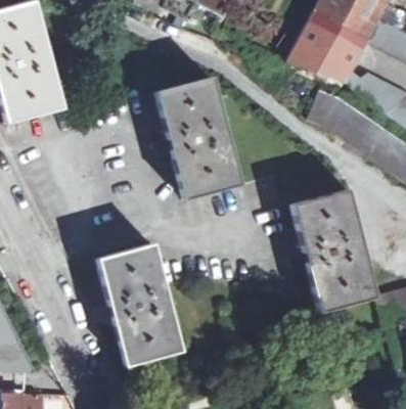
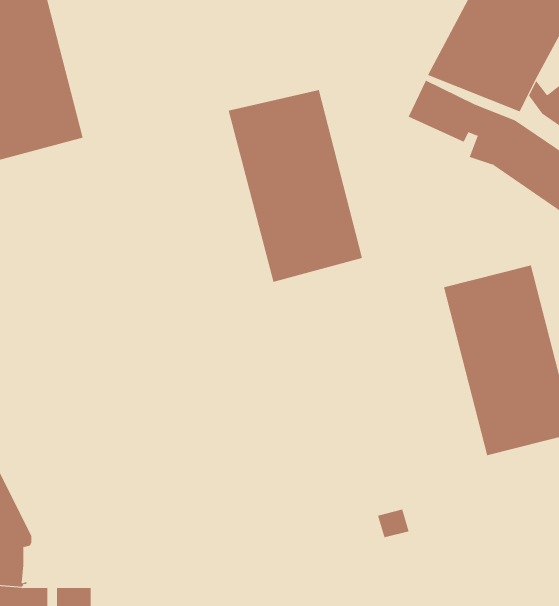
building: [96,243,180,365] -> none

